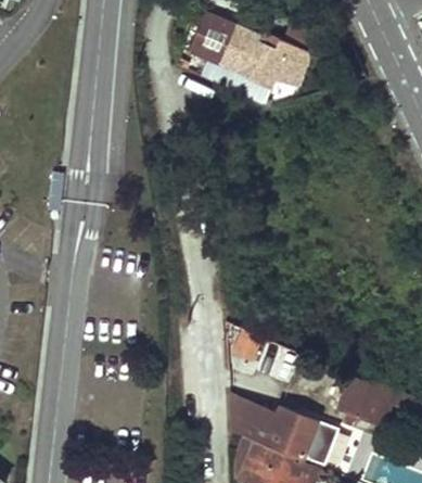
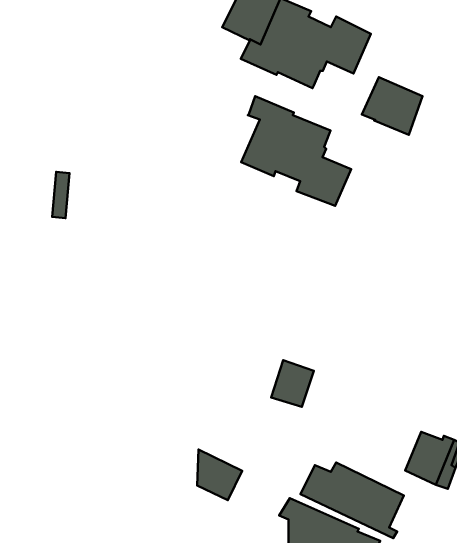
building: none -> [362,77,423,135]
building: none -> [241,96,351,206]
building: [227,390,264,431] -> [197,450,242,500]

